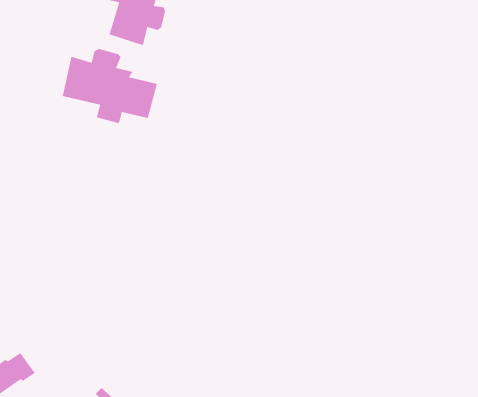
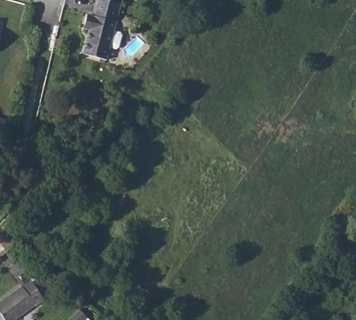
building: [62,48,158,124] -> none

